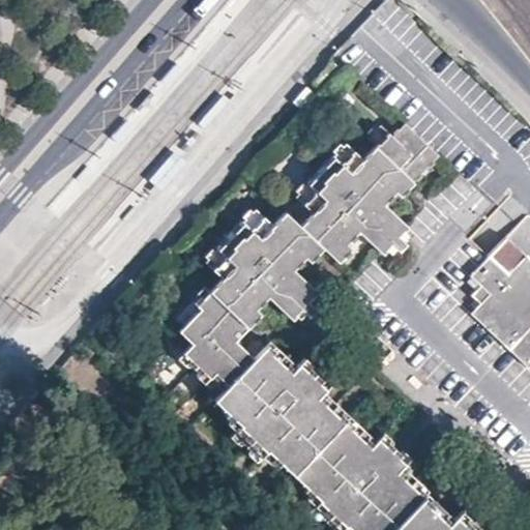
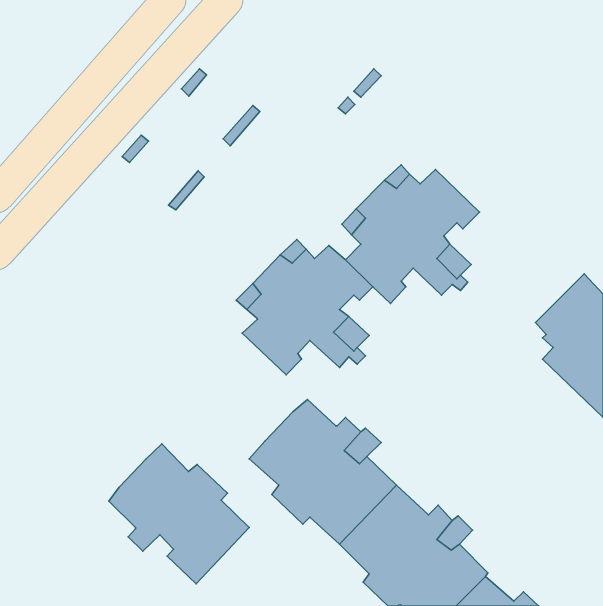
building: [372,126,443,185] -> none
building: [181,291,256,385] -> none
building: none -> [109,444,249,584]

